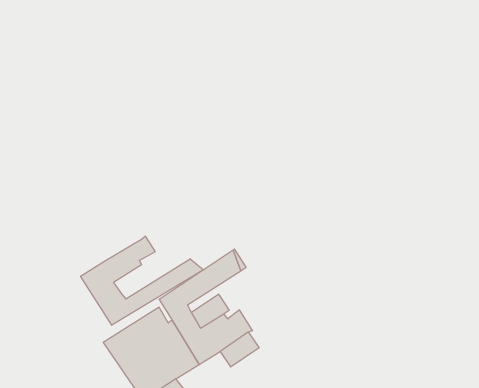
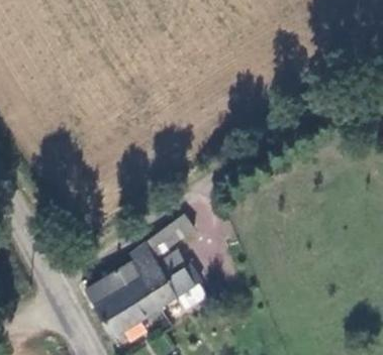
building: [81,236,204,325] -> none

